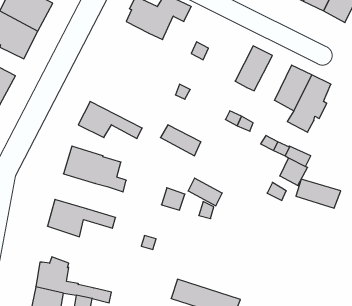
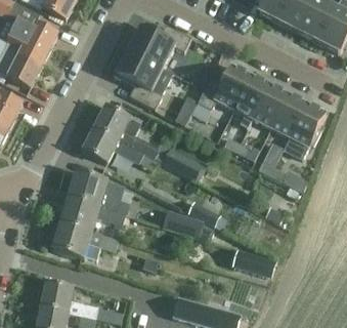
building: none -> [113,50,172,109]
building: none -> [197,64,250,109]
building: none -> [251,83,287,126]
building: none -> [93,105,159,158]
building: none -> [59,197,125,231]
building: [296,179,341,208] -> [232,250,275,278]

